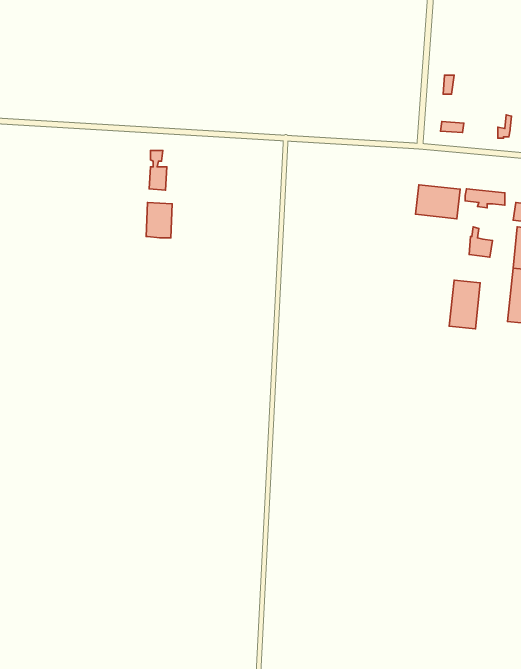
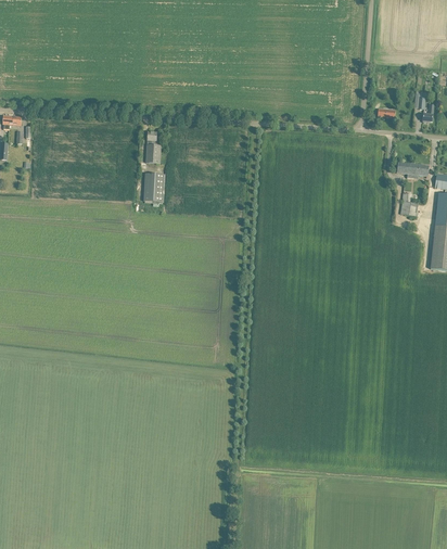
building: [416,185,460,219] -> none
building: [449,280,480,329] -> none

